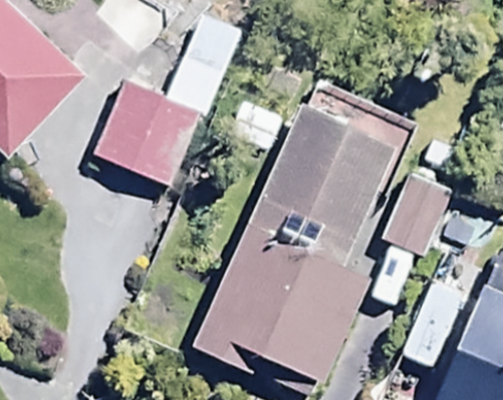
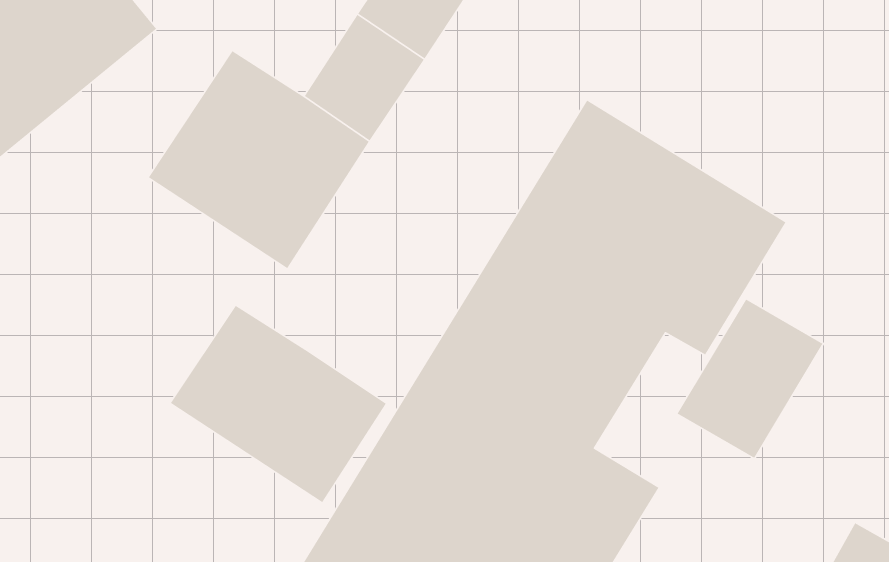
building: none -> [170,305,387,503]

